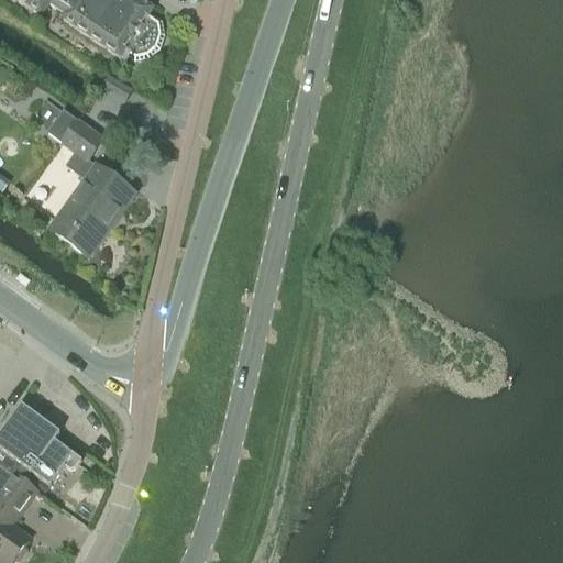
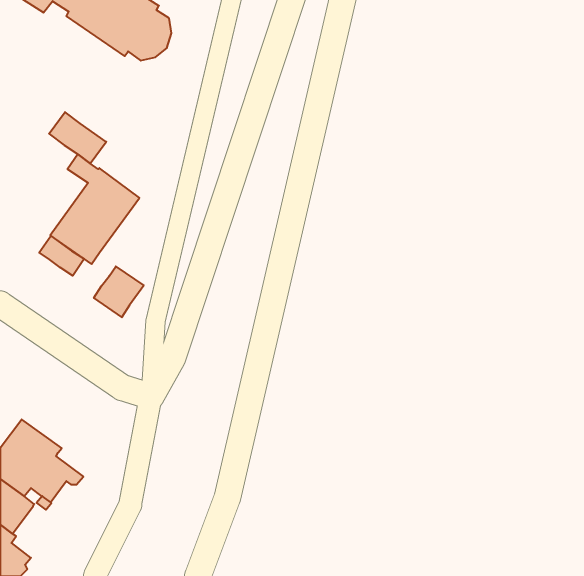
building: none -> [39,236,84,276]
building: none -> [94,266,144,317]

